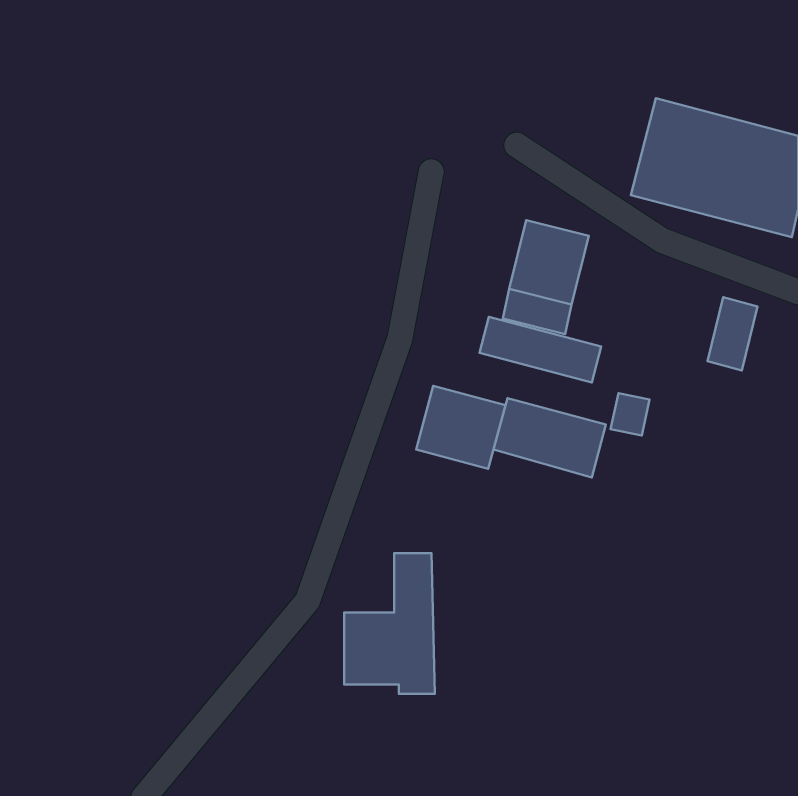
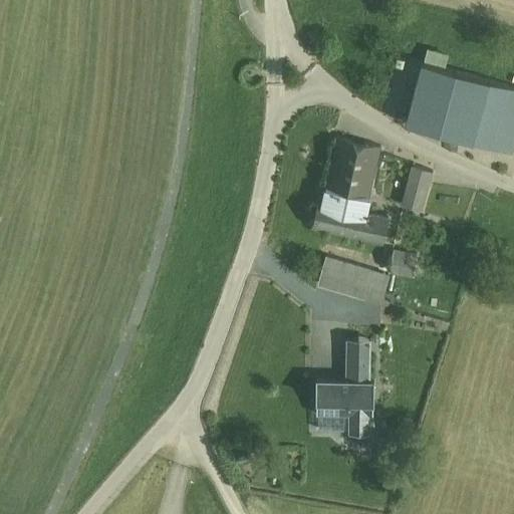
building: [708,297,758,371] -> [399,169,431,216]
building: [416,386,505,469] -> none
building: [344,553,435,694] -> [314,344,372,435]

